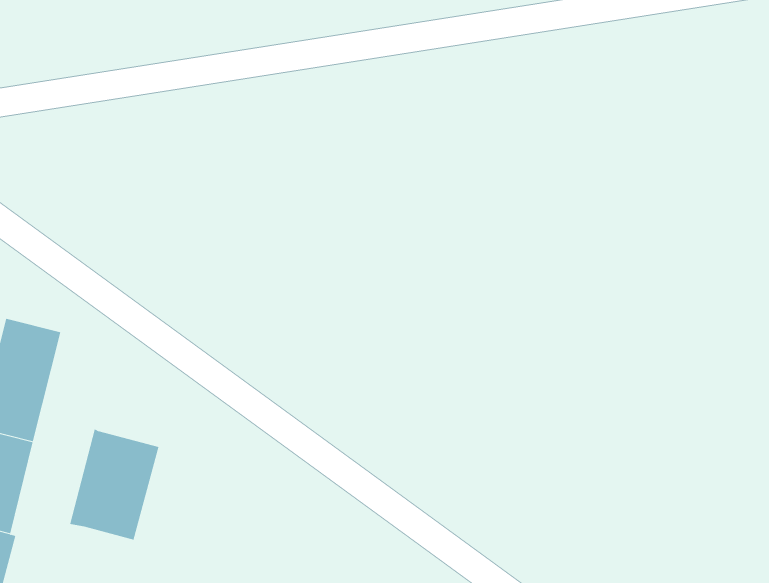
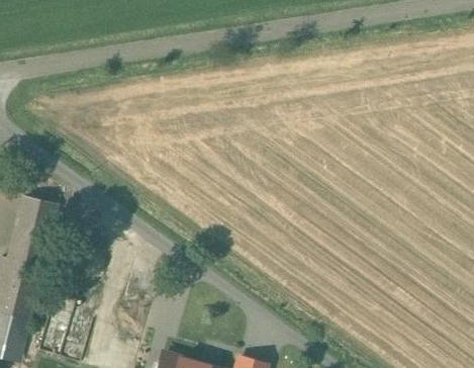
building: [70,428,159,541] -> none

